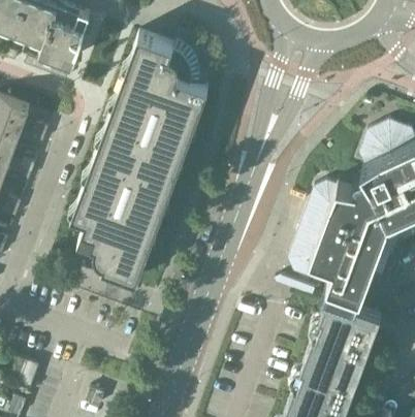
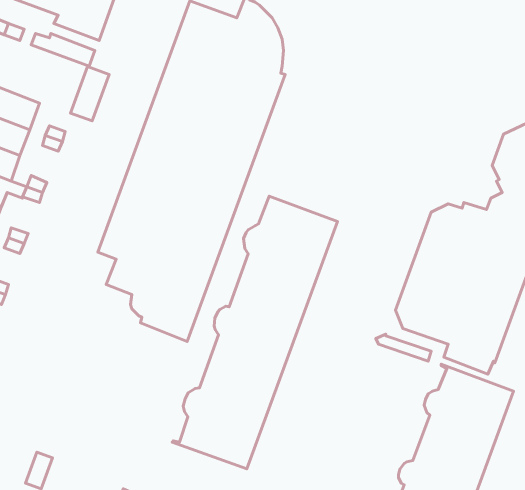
building: none -> [71,67,109,121]
building: none -> [172,196,338,469]

